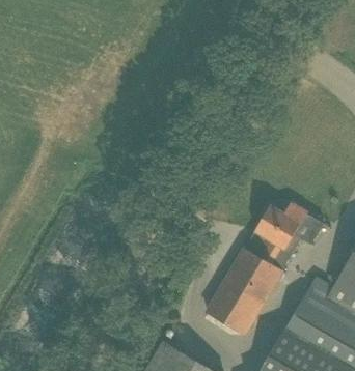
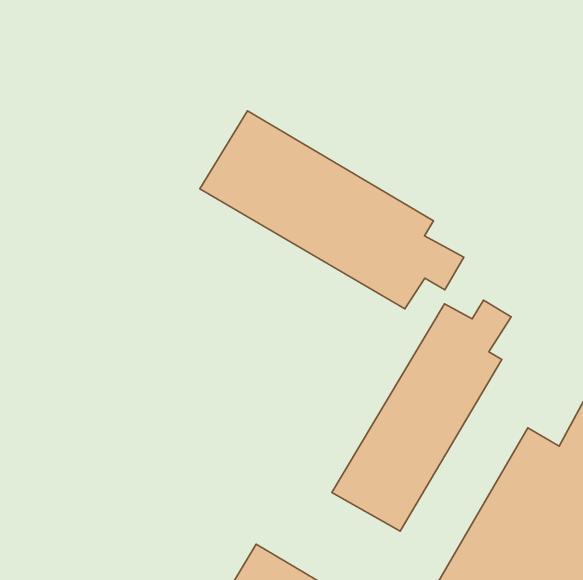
building: none -> [200,111,464,309]

